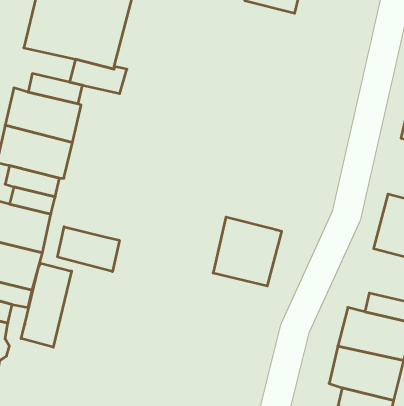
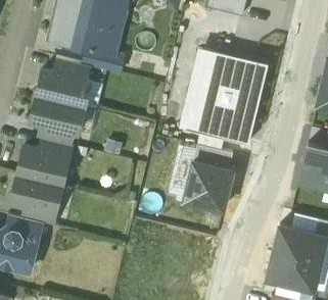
building: none -> [186,49,267,144]
building: none -> [193,146,232,170]
building: [58,227,119,272] -> none
building: [21,263,72,347] -> none

